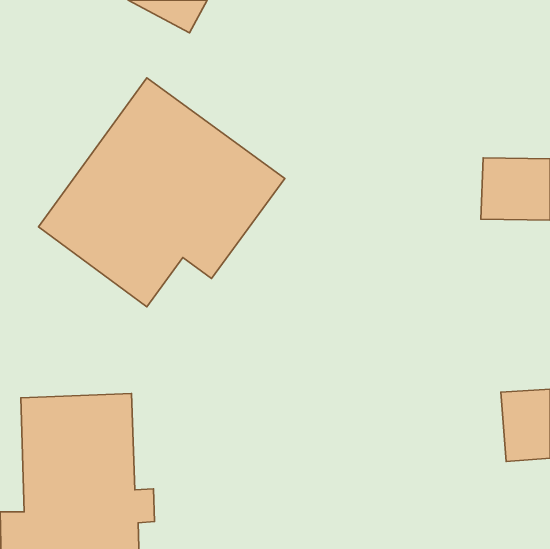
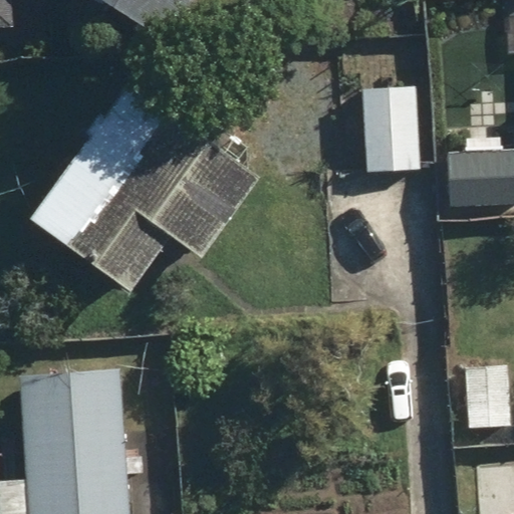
building: none -> [350,84,422,182]

